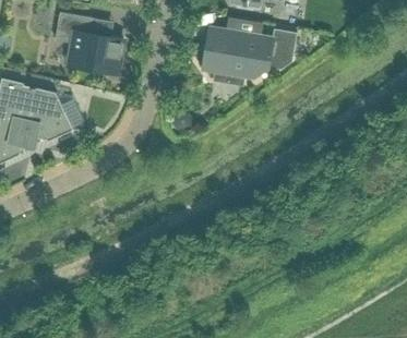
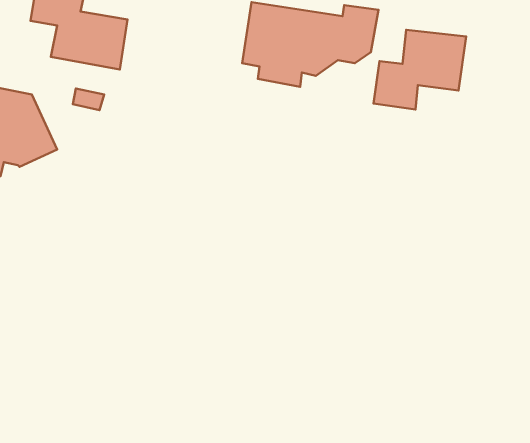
building: none -> [374,30,466,109]

